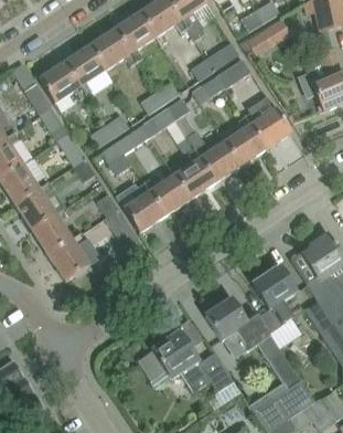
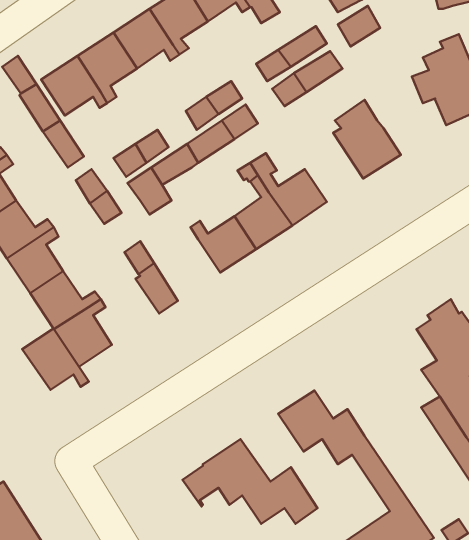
building: [224,116,265,165] -> none
building: [122,182,164,232] -> none
building: none -> [22,328,89,390]
building: [253,265,297,331] -> none

